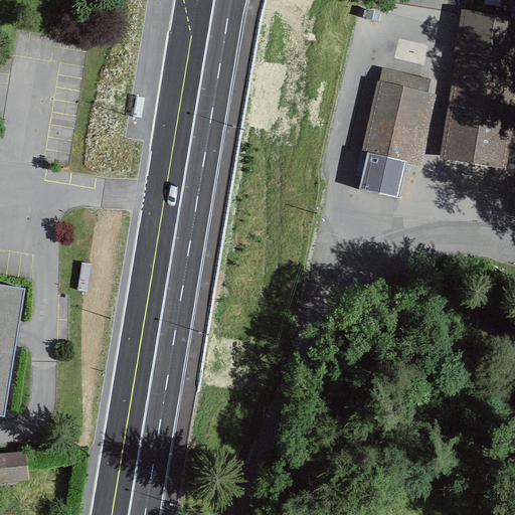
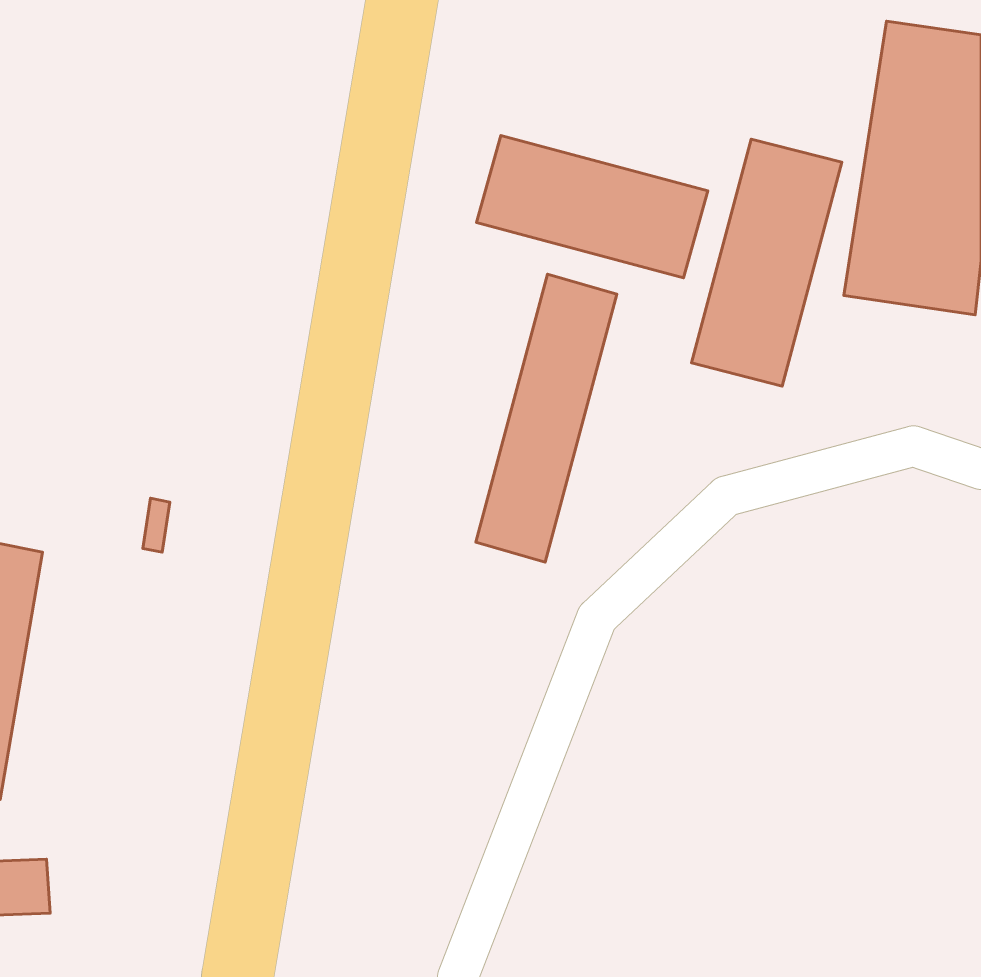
building: none -> [477,135,708,278]
building: none -> [476,274,617,562]

